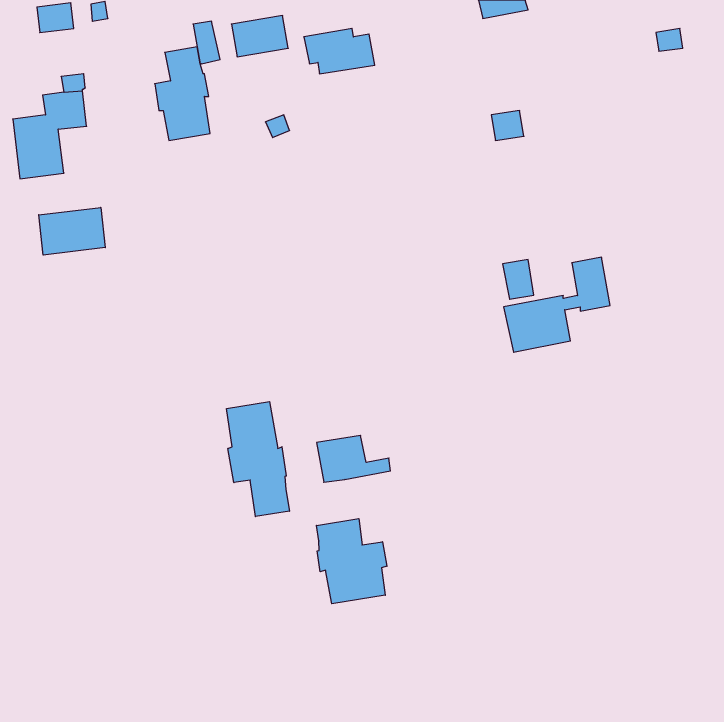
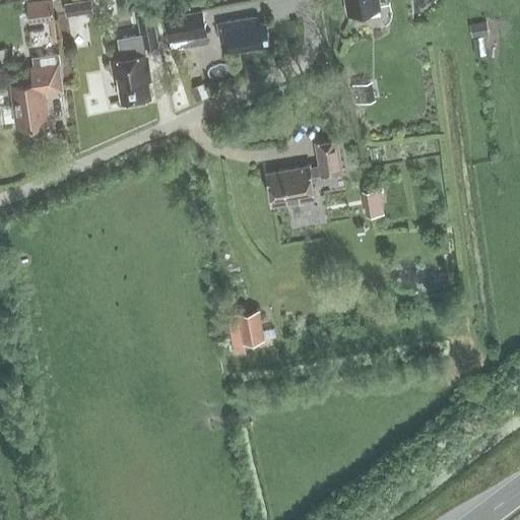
building: [39,207,105,255] -> none
building: [504,257,610,352] -> [266,139,342,207]
building: [227,402,289,517] -> none
building: [316,519,387,604] -> none

